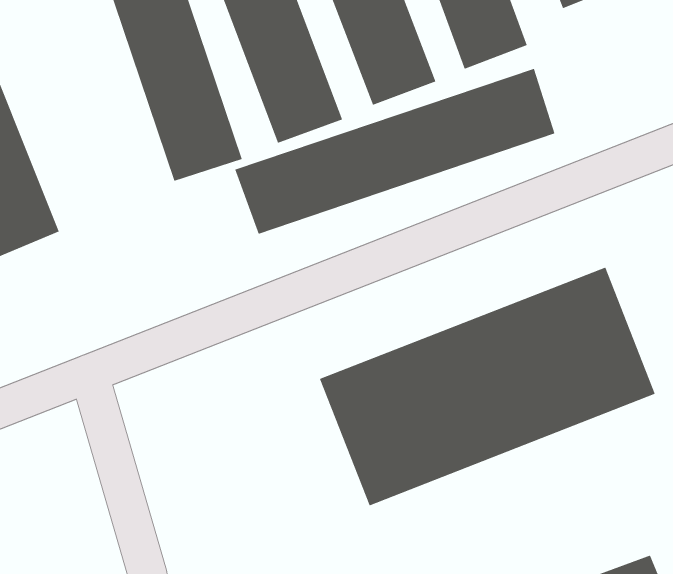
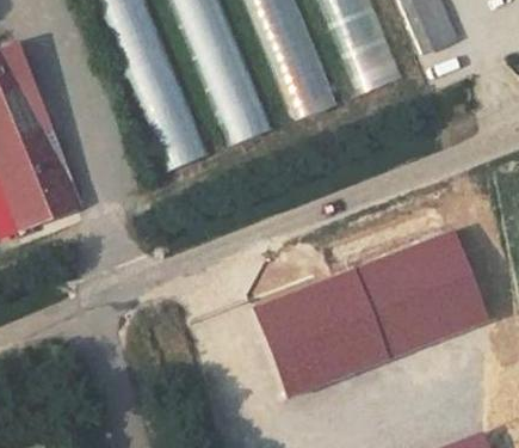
building: [234,68,555,235] -> none

